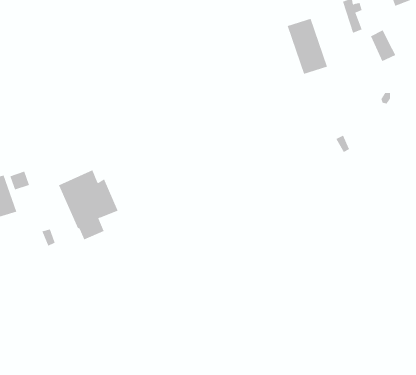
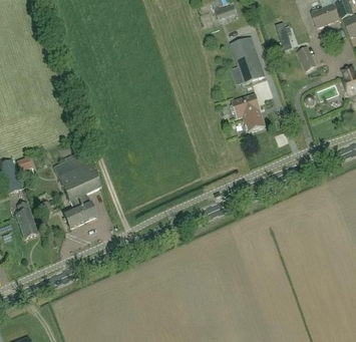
building: none -> [231,93,265,131]
building: none -> [16,203,38,239]
building: none -> [64,204,96,229]

